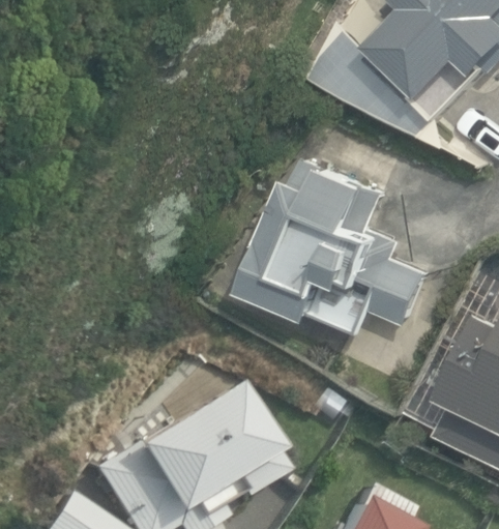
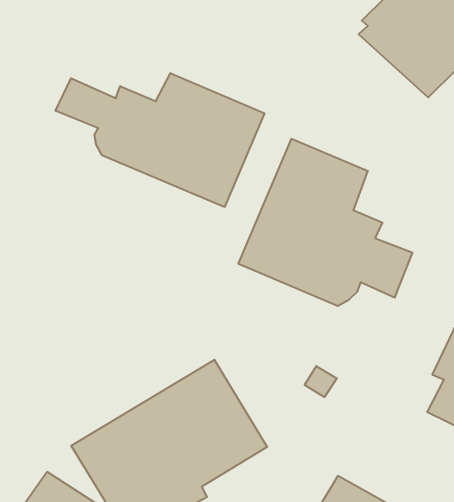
building: none -> [56,73,264,207]

